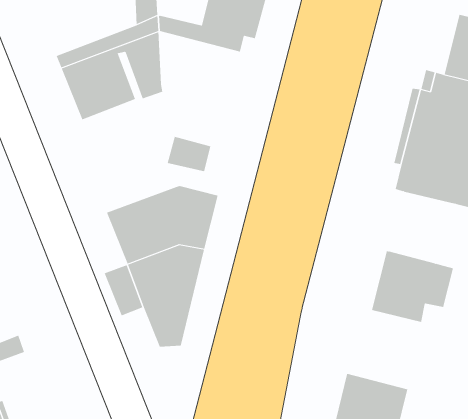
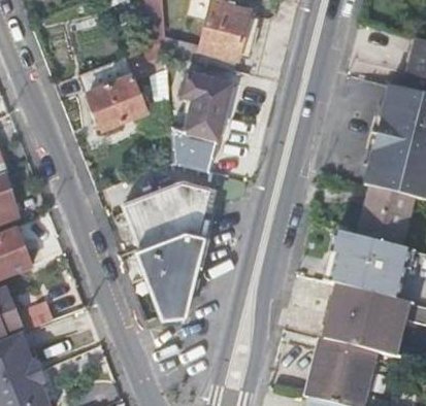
building: none -> [181,70,233,136]
building: none -> [358,187,414,247]
building: none -> [323,283,406,356]

